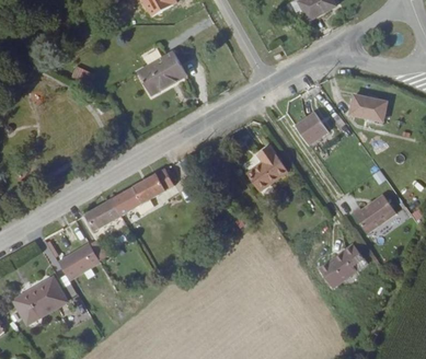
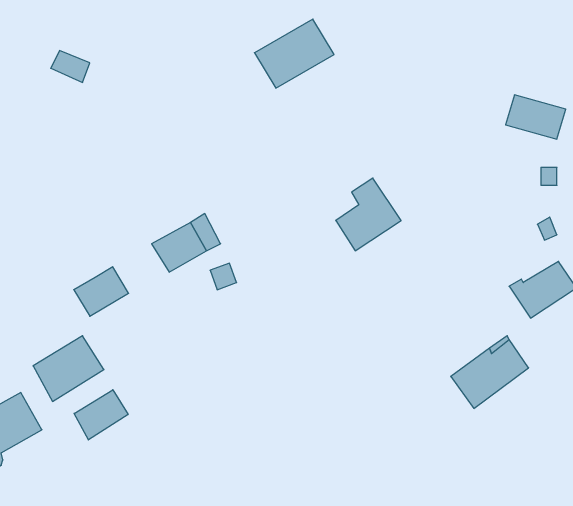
building: [137,54,186,96] -> [254,19,334,88]
building: [297,109,330,141] -> none
building: [108,185,143,216] -> none
building: none -> [74,390,128,440]

